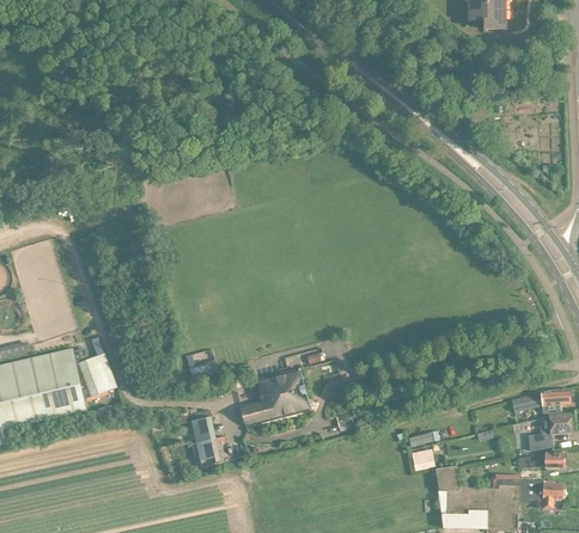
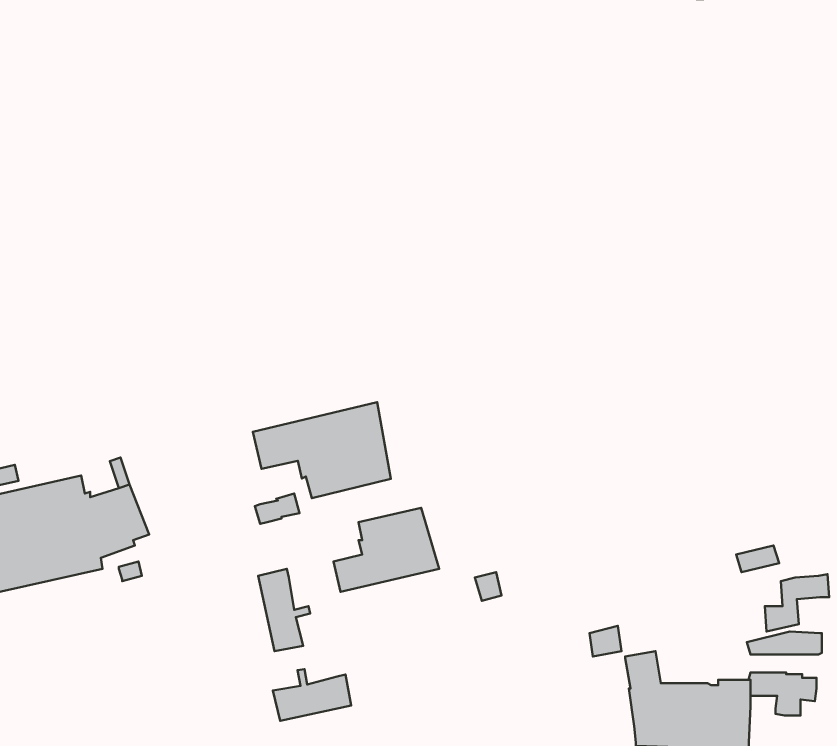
building: none -> [253,402,391,498]
building: [541,387,569,411] -> none
building: none -> [273,669,351,721]

